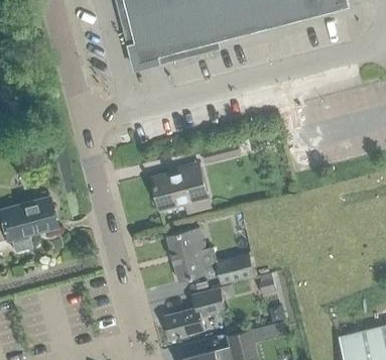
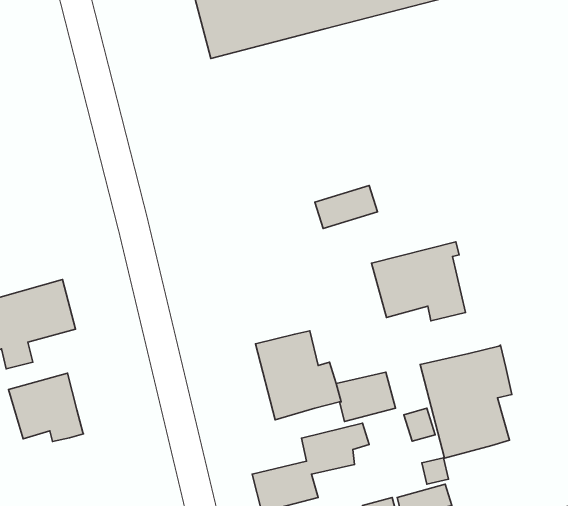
building: [151,164,209,213] -> [372,242,466,321]
building: none -> [420,345,512,458]
building: none -> [9,373,84,442]

